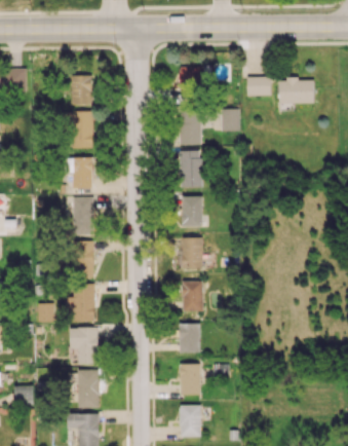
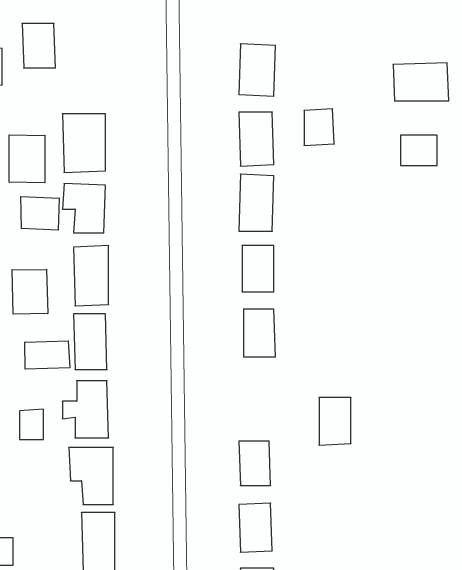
building: [71,76,92,105] -> [22,23,55,68]
building: [246,77,270,97] -> [401,135,437,165]
building: none -> [9,135,45,183]
building: none -> [21,197,59,230]
building: none -> [12,269,48,314]
building: none -> [25,341,70,369]
building: [182,282,202,312] -> [319,398,351,445]

